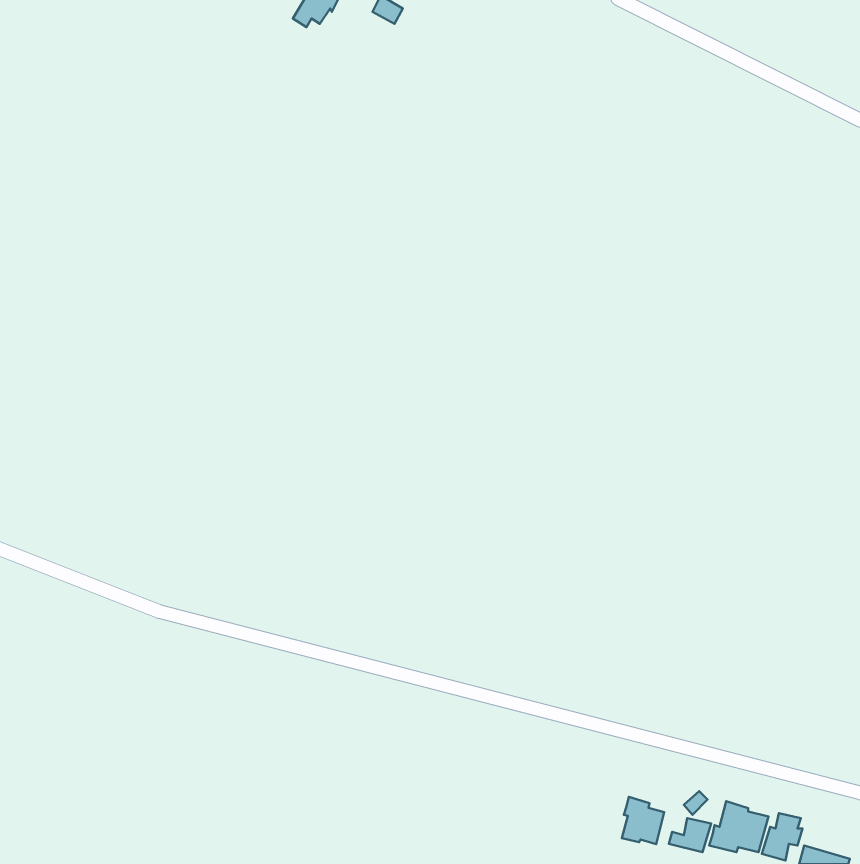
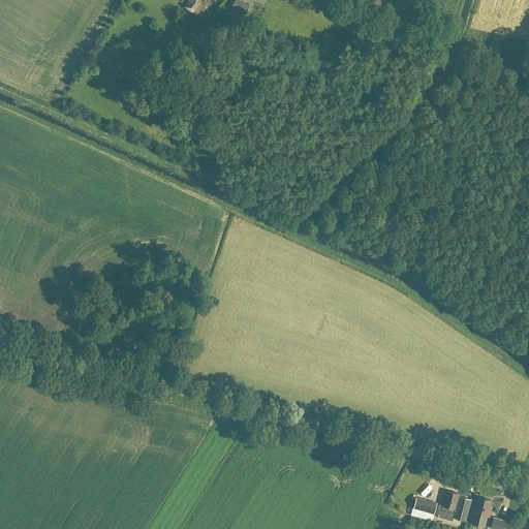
building: [622,797,664,844] -> none

